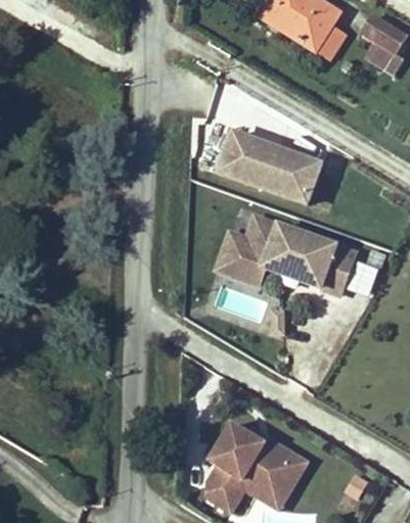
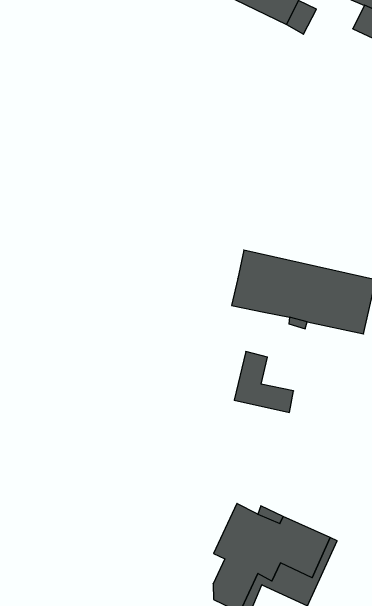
building: [228,137,329,205] -> none
building: [224,237,271,288] -> [234,352,294,412]

